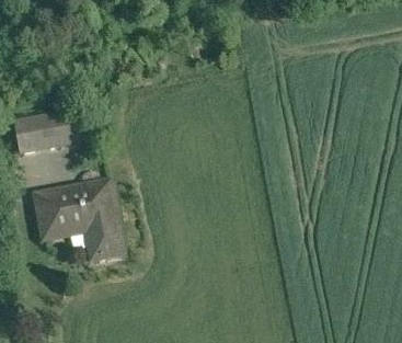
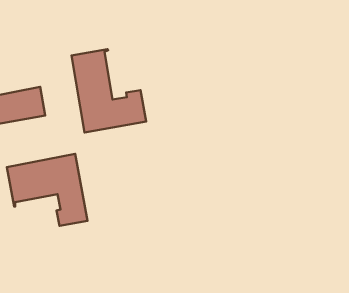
building: none -> [72,49,146,132]

